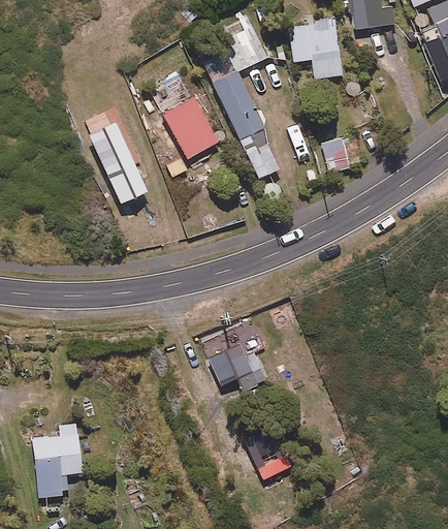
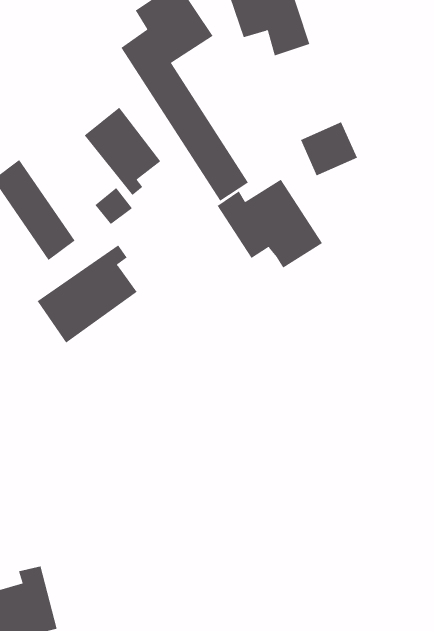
building: none -> [217,179,323,269]
building: none -> [37,245,137,344]
building: [210,343,263,391] -> none

